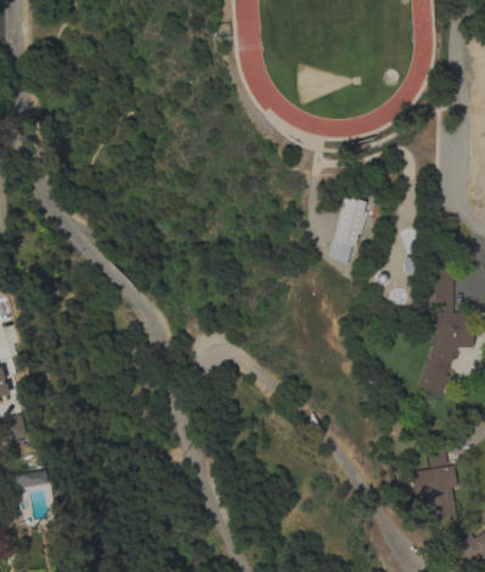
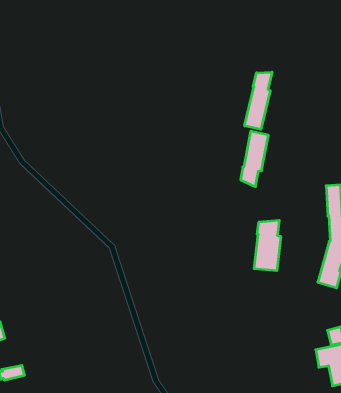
building: none -> [245,72,272,129]
building: none -> [254,220,281,271]

